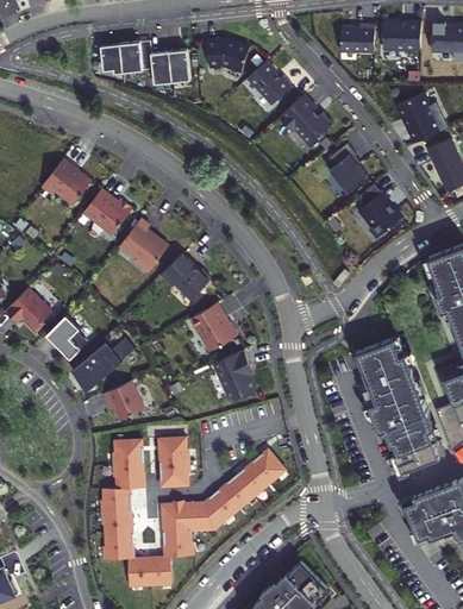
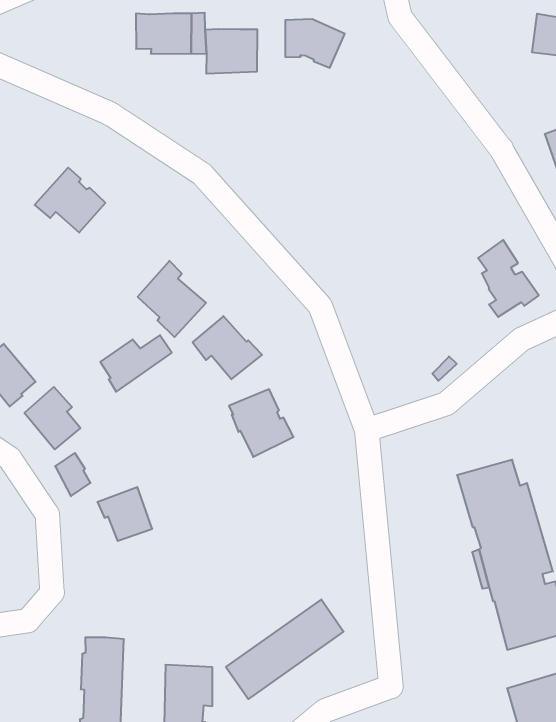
building: [339,25,374,54] -> none
building: [246,62,292,105] -> none
building: [279,95,332,146] -> none
building: [329,143,368,194] -> none
building: [83,192,132,234] -> none
building: [85,338,134,381] -> [100,335,172,392]
building: [213,350,256,398] -> none
building: [158,438,190,486] -> none
building: [113,440,145,489] -> none
building: [195,502,223,530] -> none

